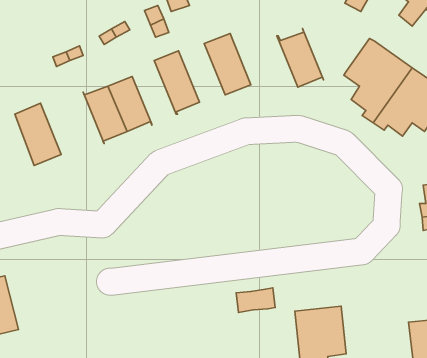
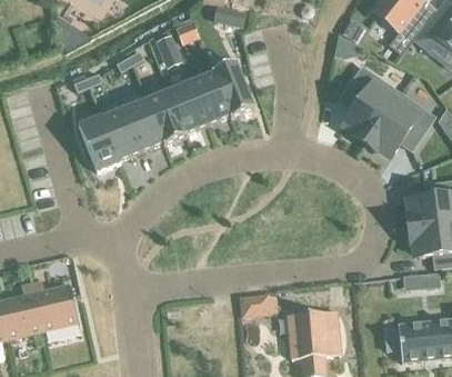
building: [277,28,323,87] -> [188,71,230,125]
building: none -> [145,87,185,145]
building: [15,103,61,166] -> [78,116,120,172]
building: none -> [30,280,79,331]

